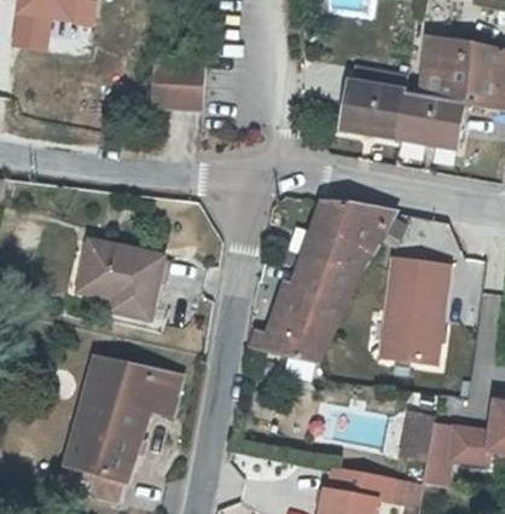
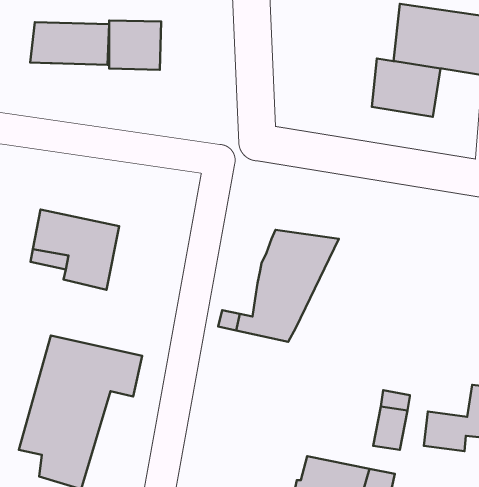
building: none -> [30,22,109,65]
building: [339,67,404,138] -> none
building: [306,201,393,264] -> none
building: [381,260,446,362] -> none

